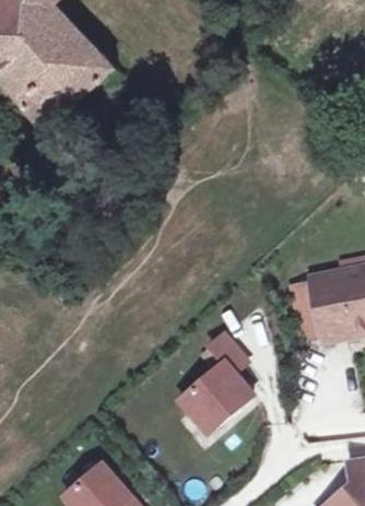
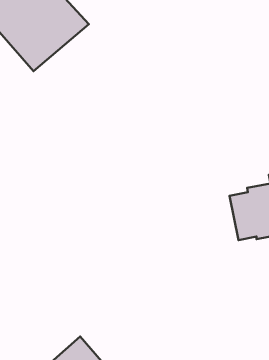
building: [180,332,254,433] -> none

